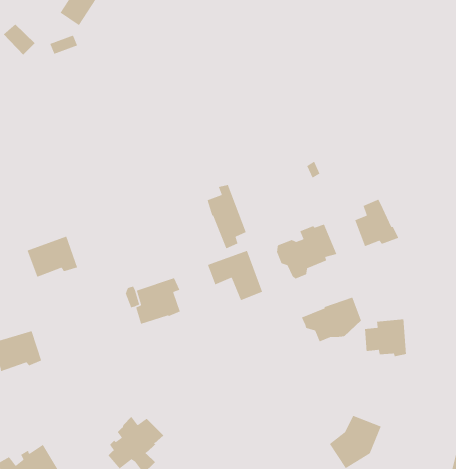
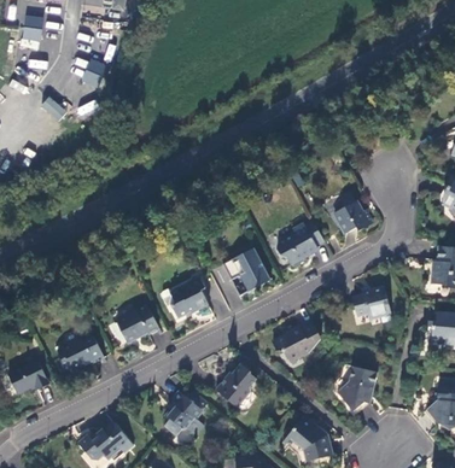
building: [206,184,247,250] -> none
building: [27,236,78,278] -> [117,305,159,341]
building: [301,296,362,343] -> [273,321,321,361]
building: none -> [216,364,256,408]

